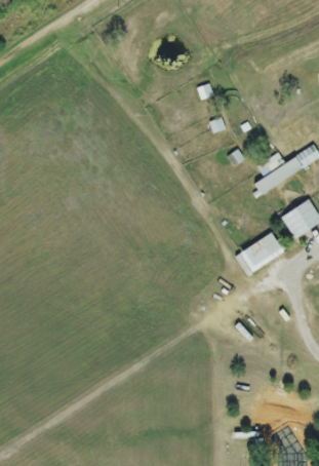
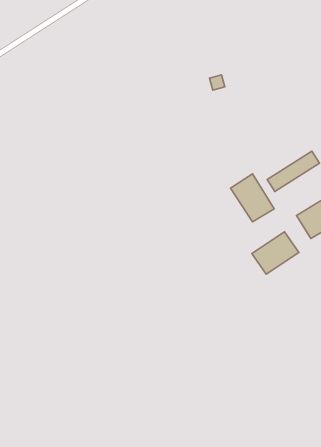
building: none -> [230,174,274,222]

